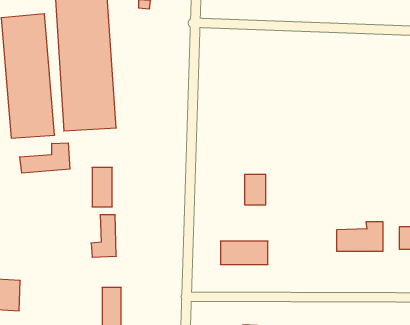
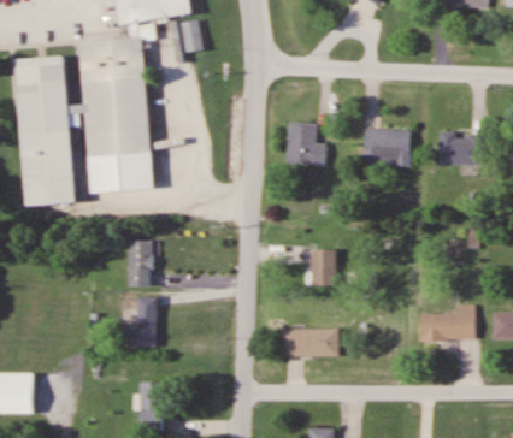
building: none -> [282,122,323,166]
building: none -> [362,130,408,165]
building: none -> [437,134,483,165]
building: [20,143,70,173] -> none

